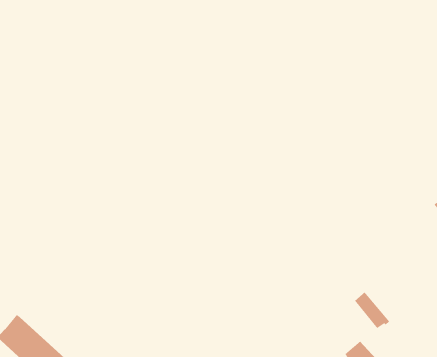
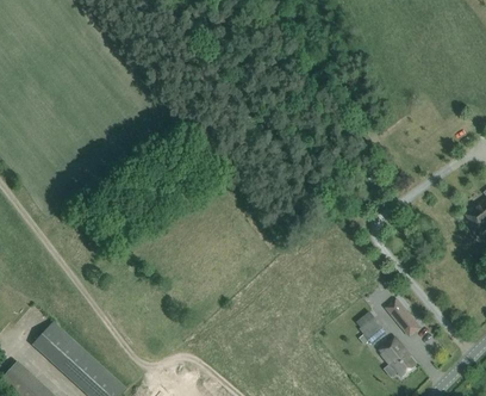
building: none -> [359,315,388,347]

